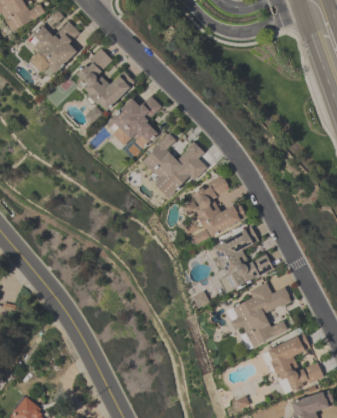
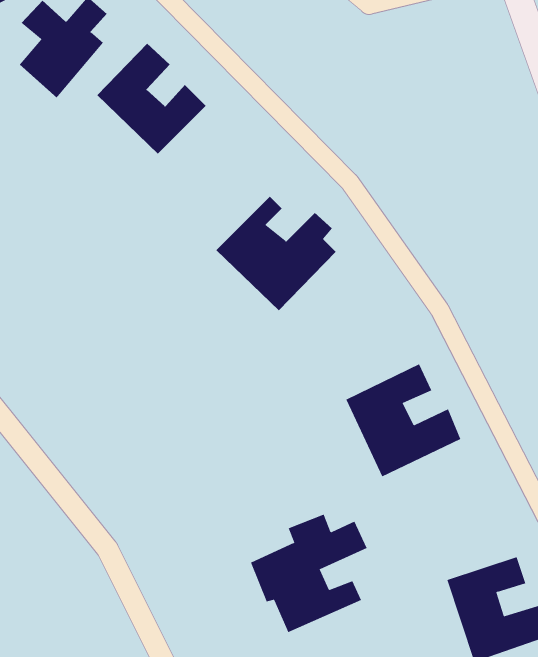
building: [110,96,161,150] -> none
building: [184,178,246,238] -> none
building: [226,282,291,348] -> [250,514,367,633]

